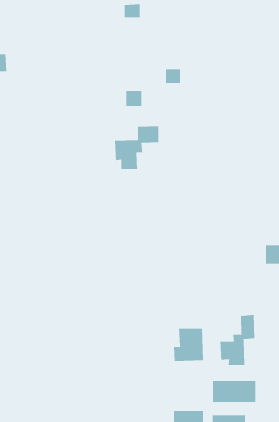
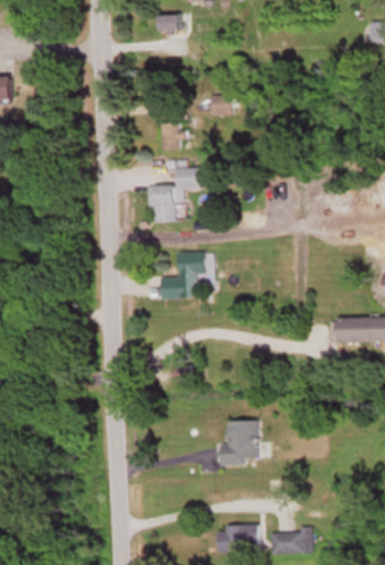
building: none -> [160,253,205,300]
building: [220,314,255,366] -> none
building: [212,380,256,403] -> none

